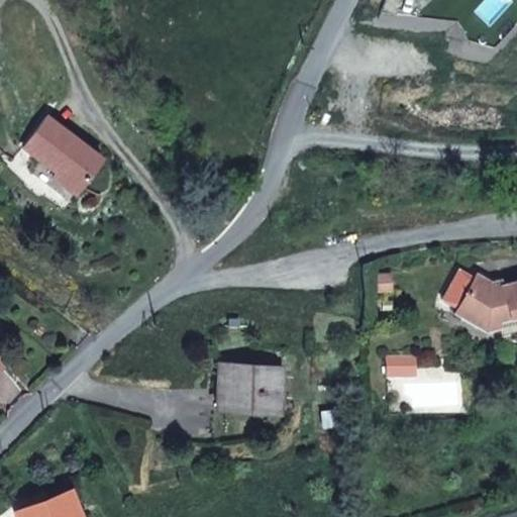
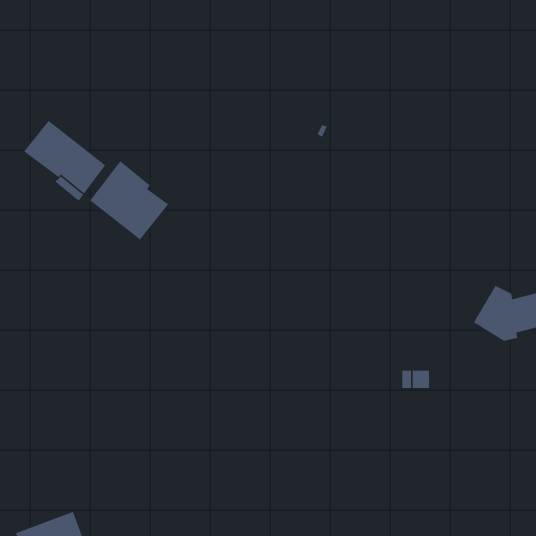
building: none -> [89,160,169,240]
building: [218,365,281,412] -> none

